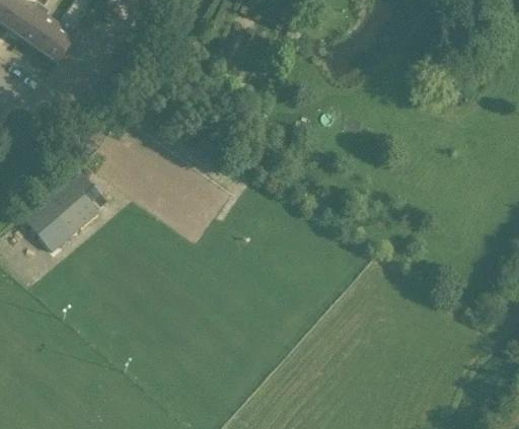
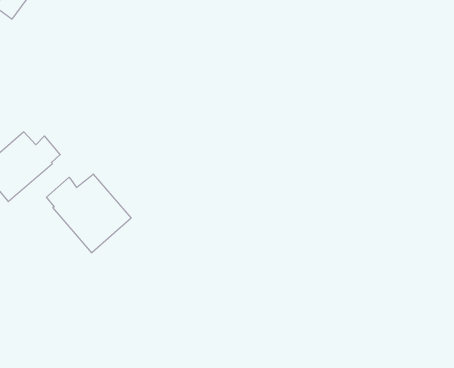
building: none -> [47,174,131,253]

